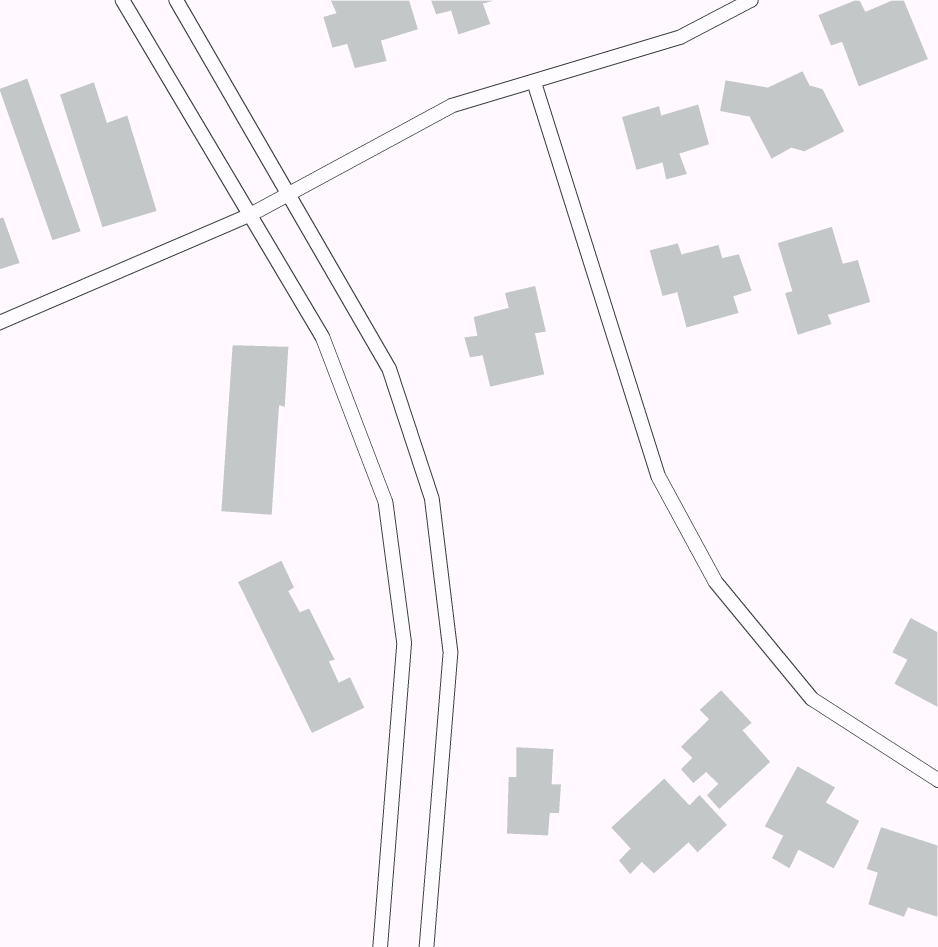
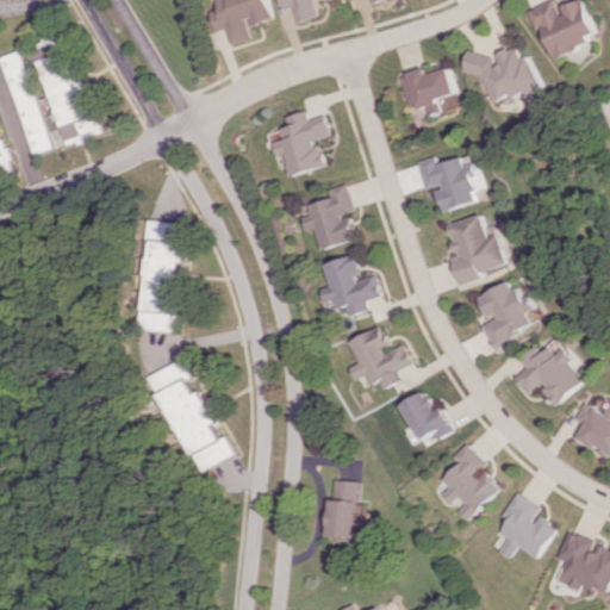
building: none -> [269,111,328,175]
building: [777,226,871,335] -> [444,214,505,285]
building: none -> [318,254,379,317]
building: none -> [475,281,531,347]
building: none -> [344,326,409,388]
building: none -> [511,336,585,404]
building: none -> [397,391,450,440]
building: [611,778,728,875] -> none

